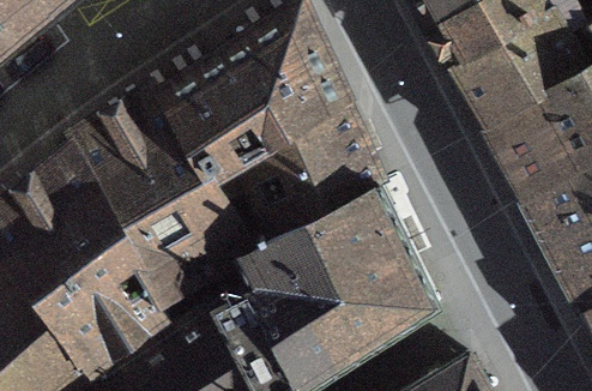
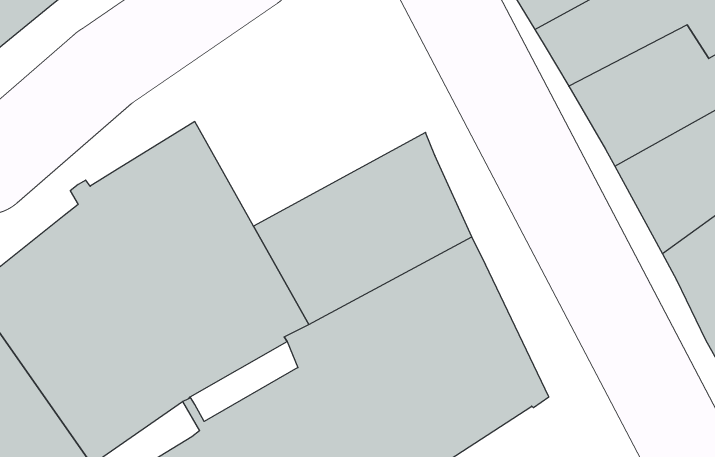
building: [162,7,342,178] -> none

